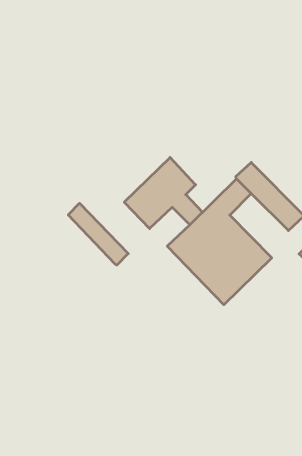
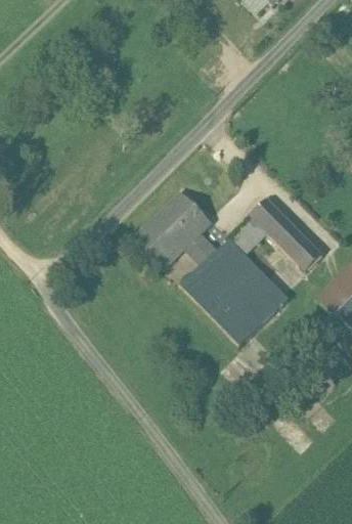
building: [68,203,128,265] -> none

